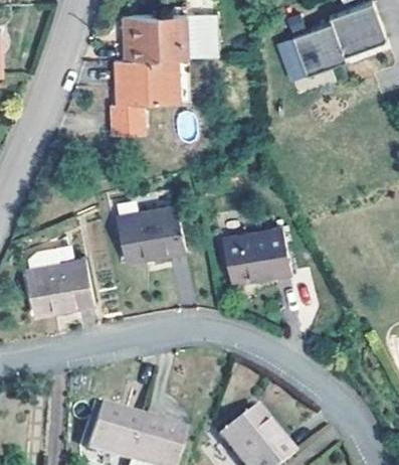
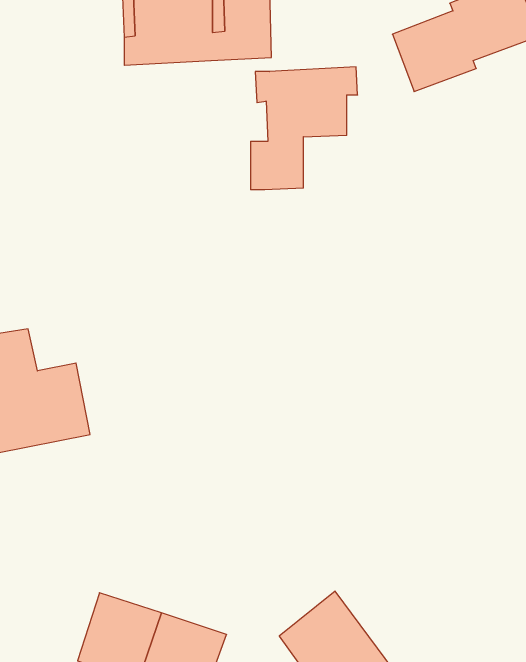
building: [107,59,176,139] -> [251,67,358,190]
building: [120,202,188,261] -> none
building: [223,220,295,280] -> none

